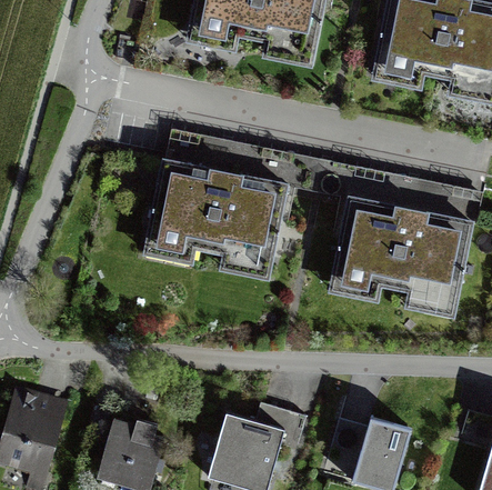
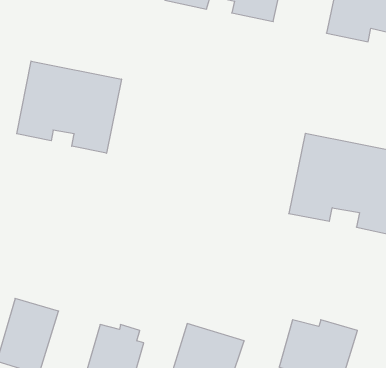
building: none -> [17,61,121,153]
building: [147,159,290,278] -> none

